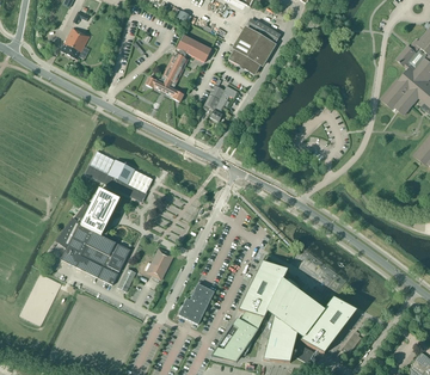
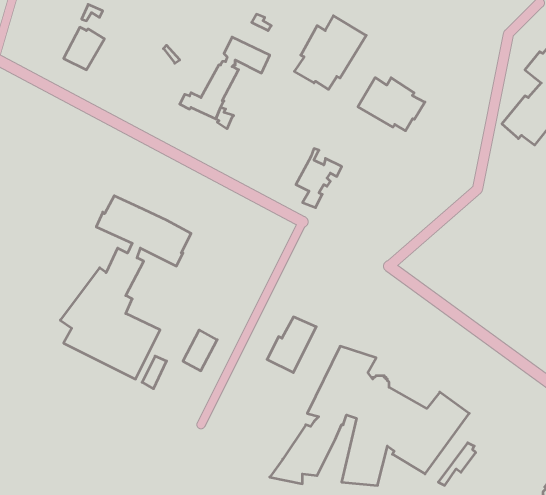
building: none -> [358,78,425,131]
building: [204,78,238,121] -> [296,149,342,208]
building: [178,283,214,324] -> [267,317,316,373]

